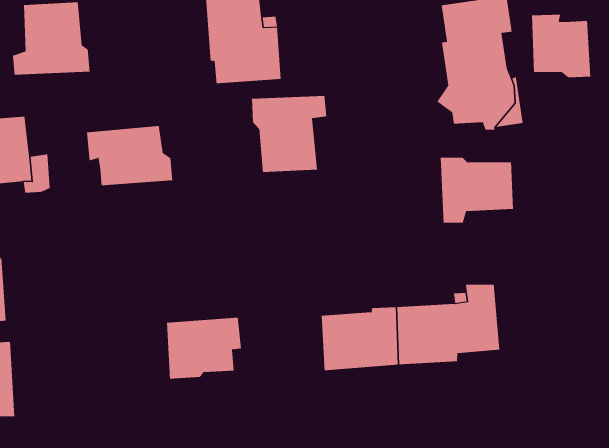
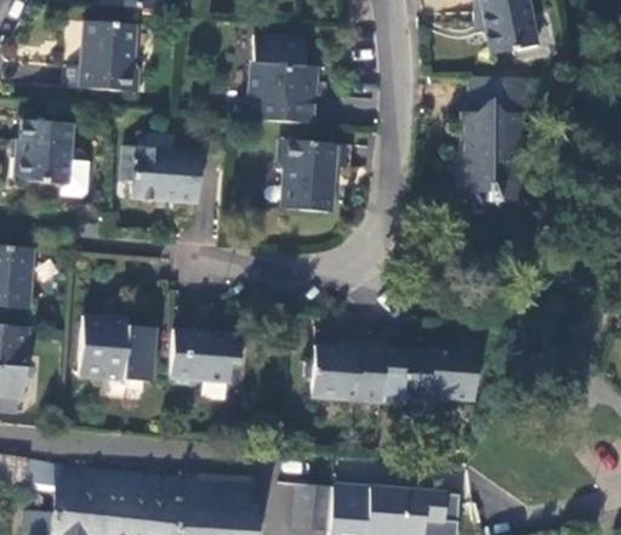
building: [531,14,591,78] -> none
building: [440,157,513,223] -> none
building: none -> [78,315,154,383]

